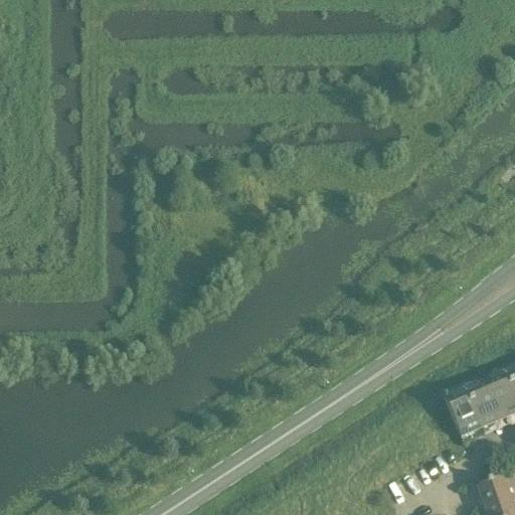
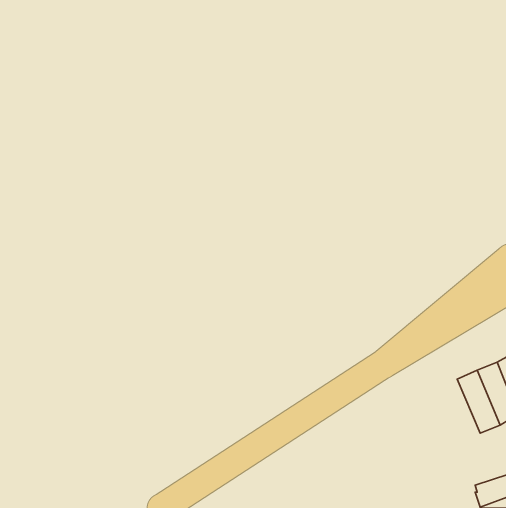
building: [444,382,488,446] -> none

